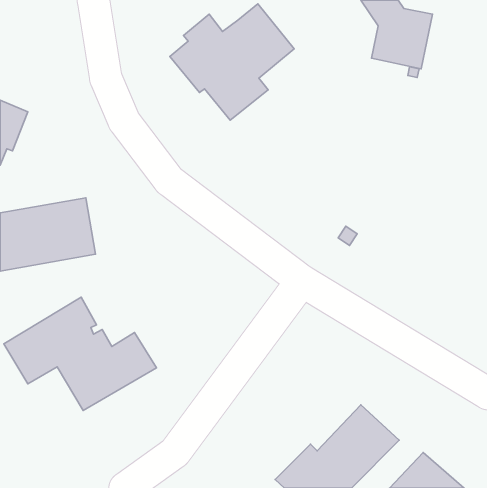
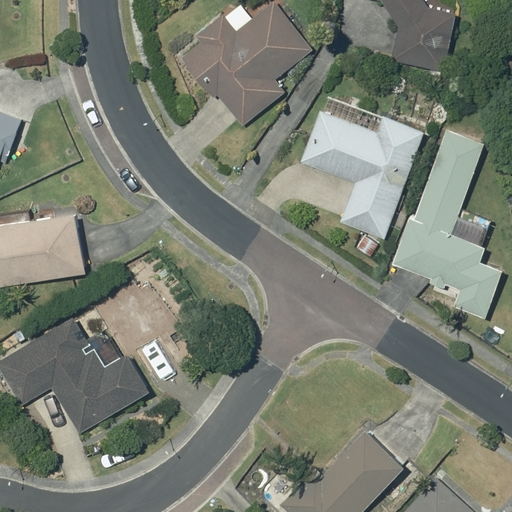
building: none -> [298,97,422,240]
building: none -> [390,132,499,320]

